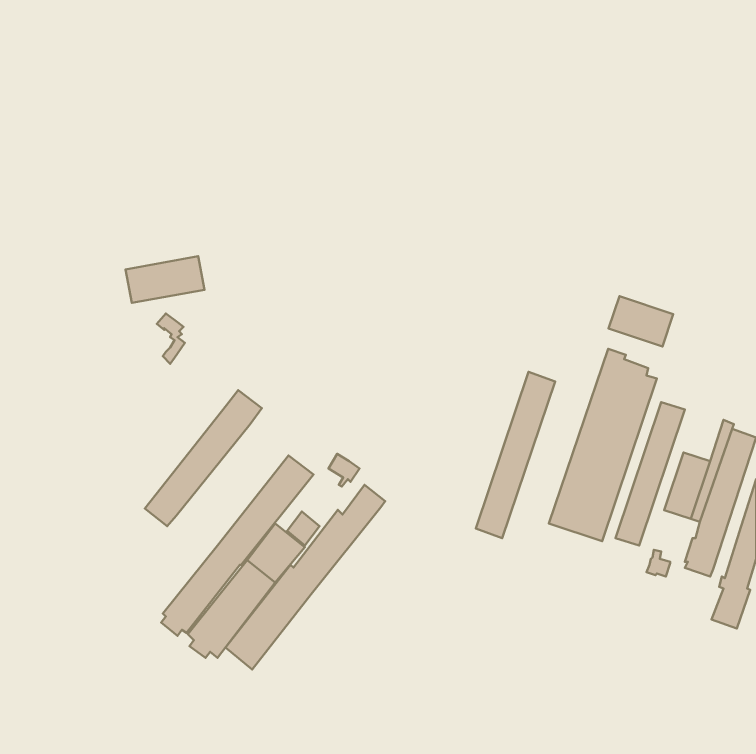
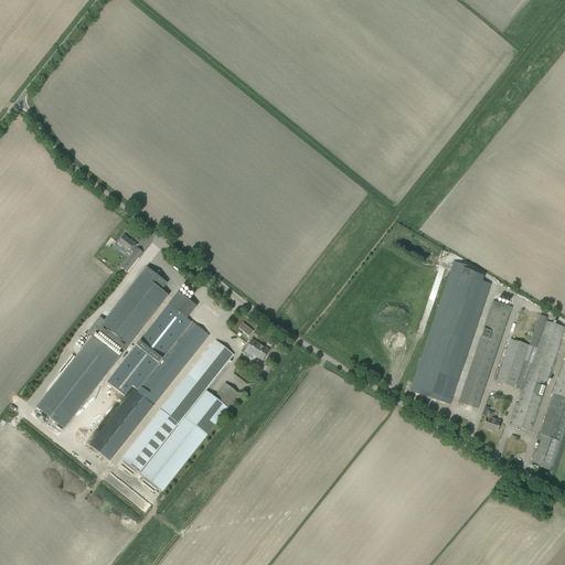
building: [126,256,204,303] -> none
building: [609,296,673,347] -> none
building: none -> [36,266,168,428]
building: [476,372,555,538] -> none
building: [225,485,385,670] -> [89,322,209,460]

